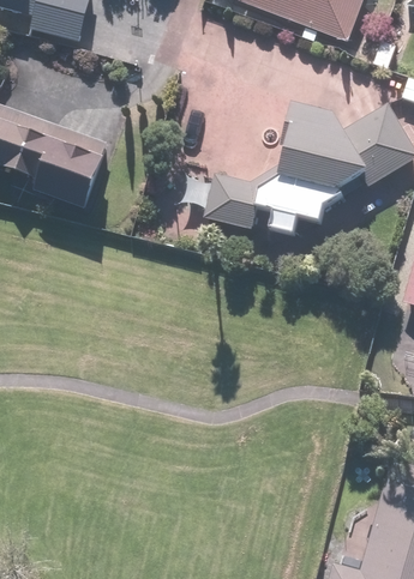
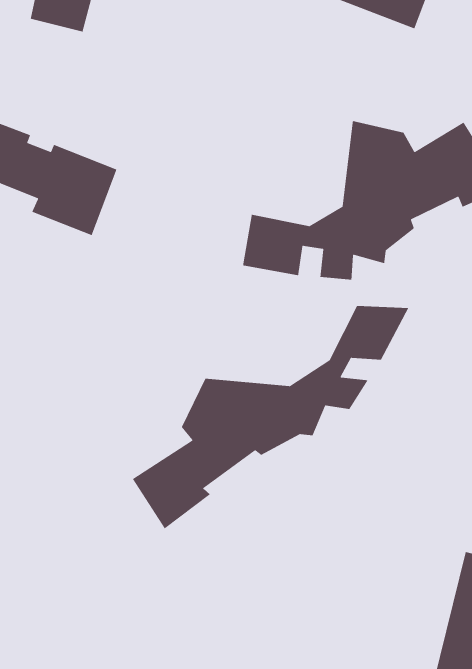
building: none -> [132,305,410,530]

